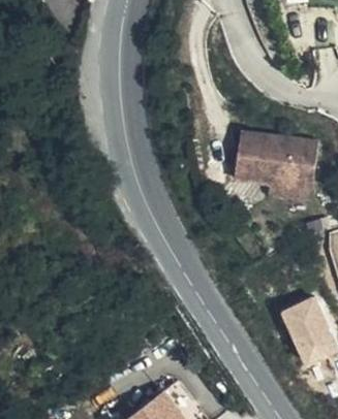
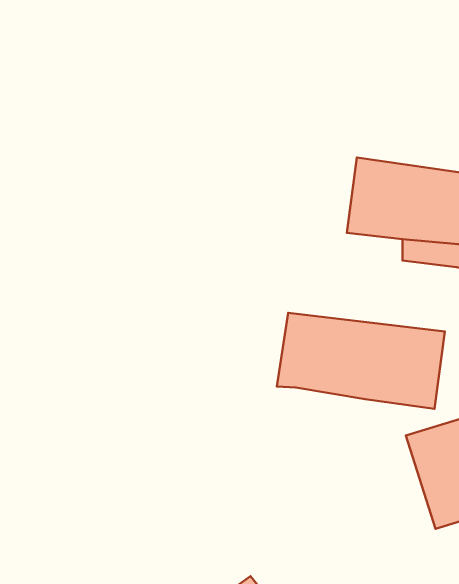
building: none -> [277,313,445,409]

